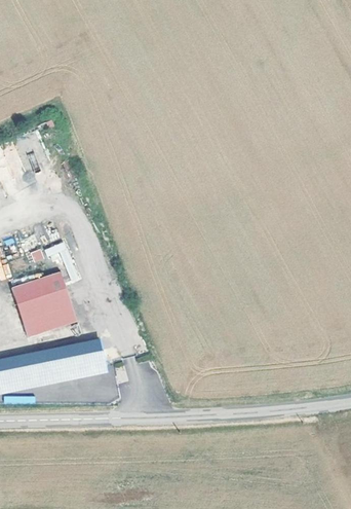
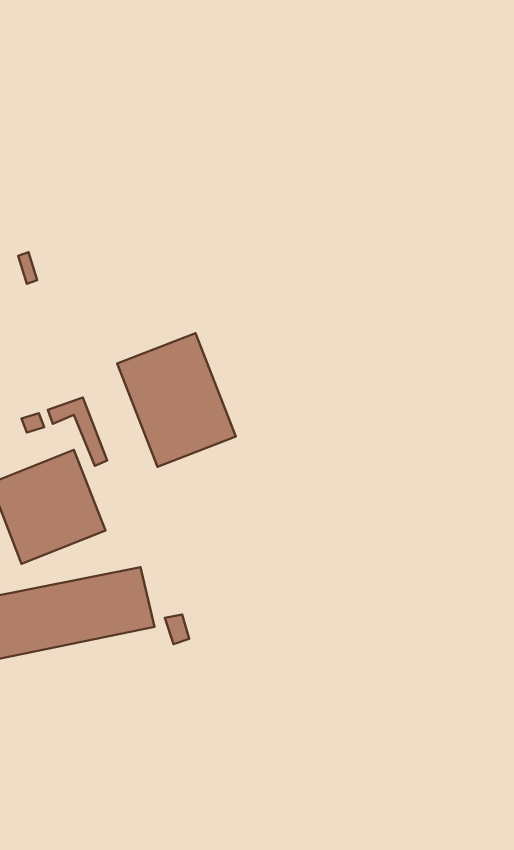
building: none -> [117,333,236,467]

